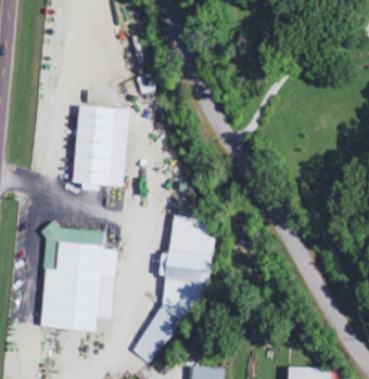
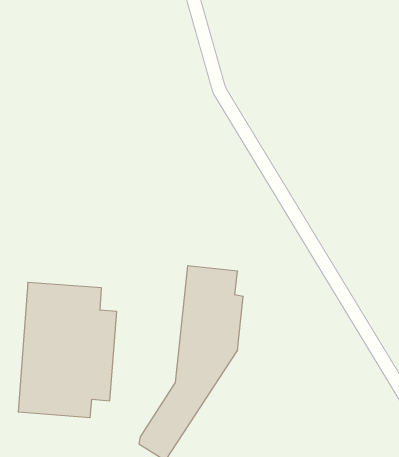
building: [72,105,128,186] -> none

